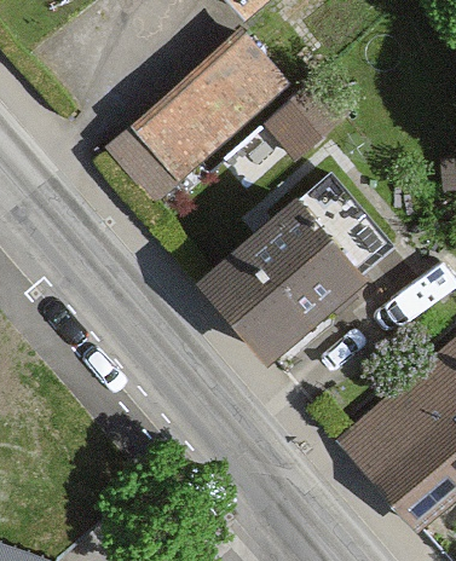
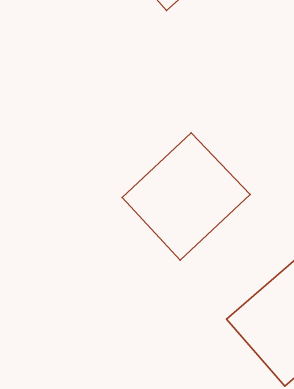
building: [116,41,281,202] -> none

